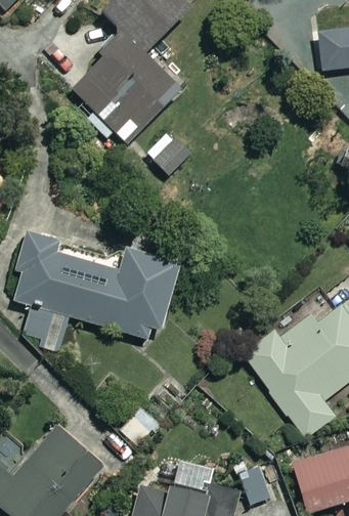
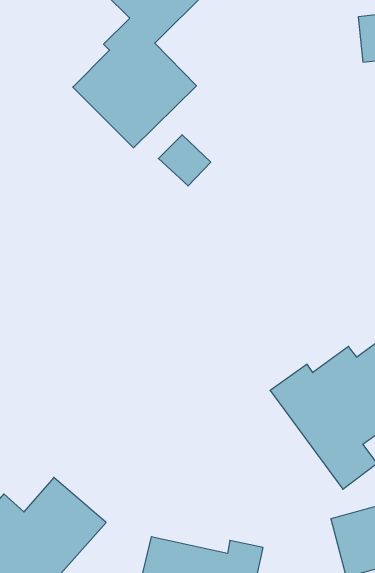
building: [14,232,180,344] -> none

